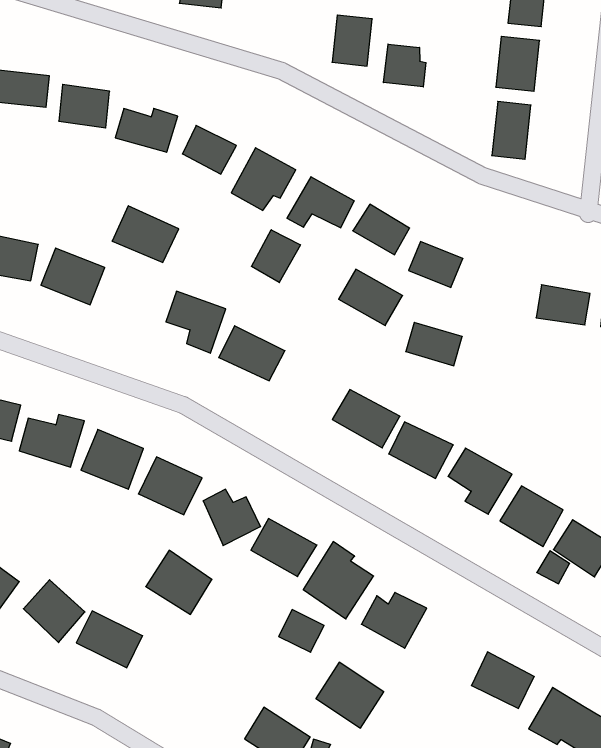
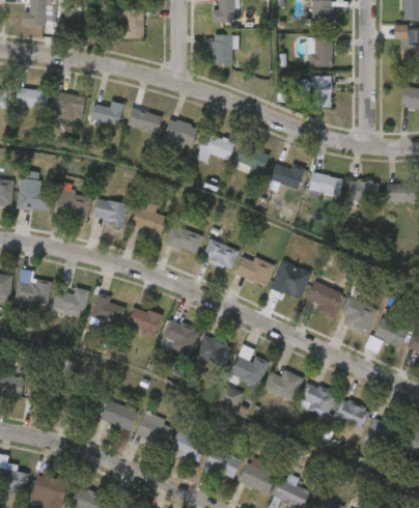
building: [383,44,426,87] -> none
building: [112,206,179,262] -> [91,197,130,228]
building: [251,230,300,283] -> none
building: [339,269,403,326] -> [202,238,240,270]
building: [406,322,462,366] -> [309,171,341,194]
building: [146,550,212,614] -> [136,411,174,447]
building: [316,662,384,728] -> [298,382,337,419]
building: none -> [170,428,208,463]

